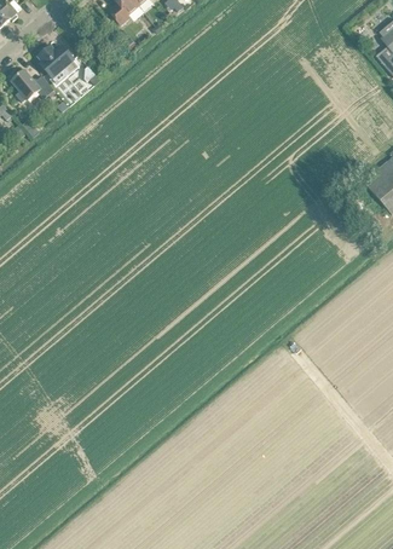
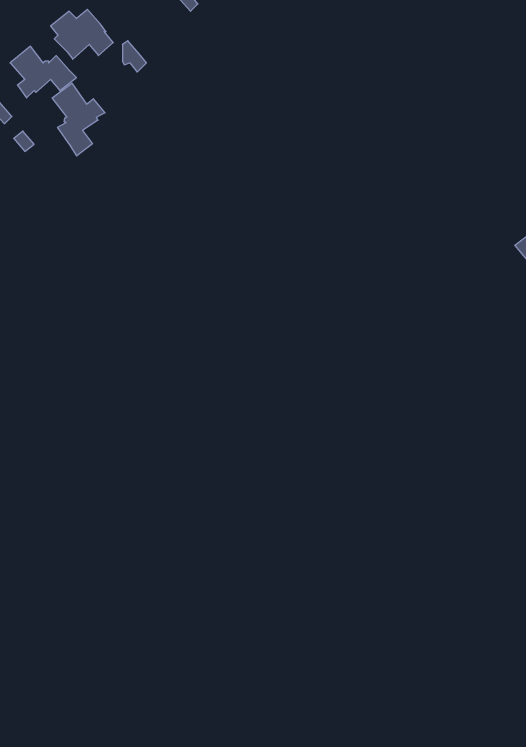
building: none -> [52,83,105,156]

